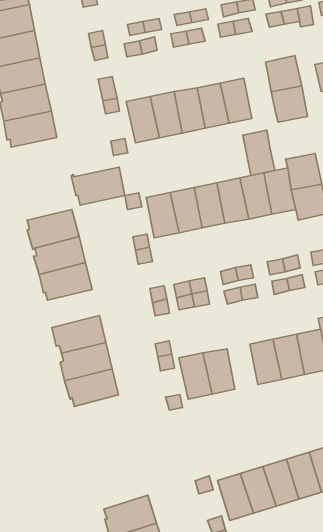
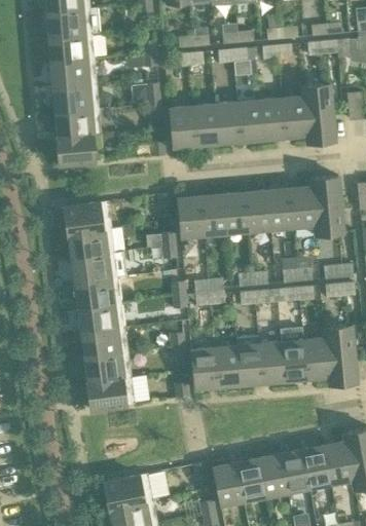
building: [243,130,275,176] -> [279,97,304,137]
building: [71,167,125,205] -> [54,134,102,164]
building: none -> [73,277,120,308]
building: none -> [234,344,259,384]
building: none -> [85,377,134,409]

